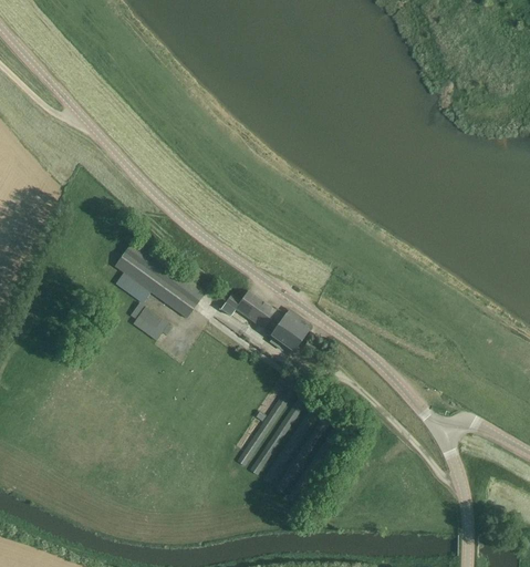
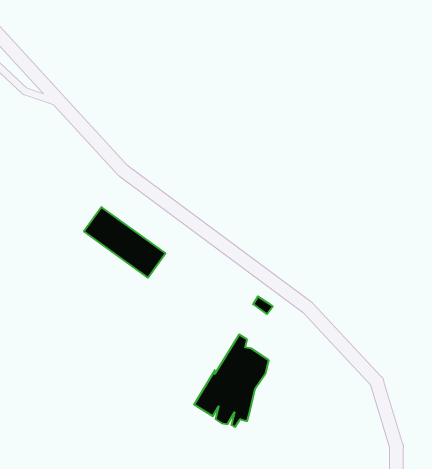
building: [219,291,308,351] -> none
building: [129,302,167,340] -> none

